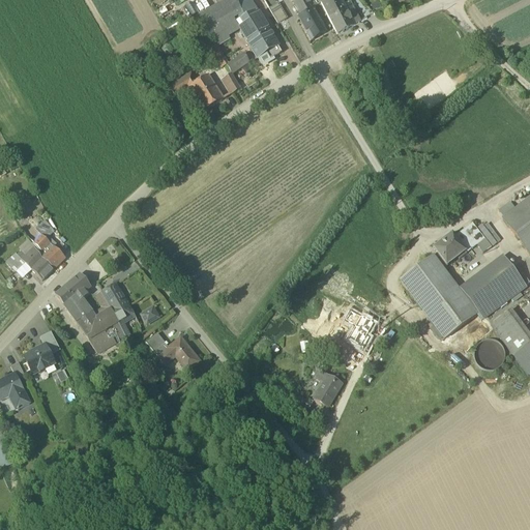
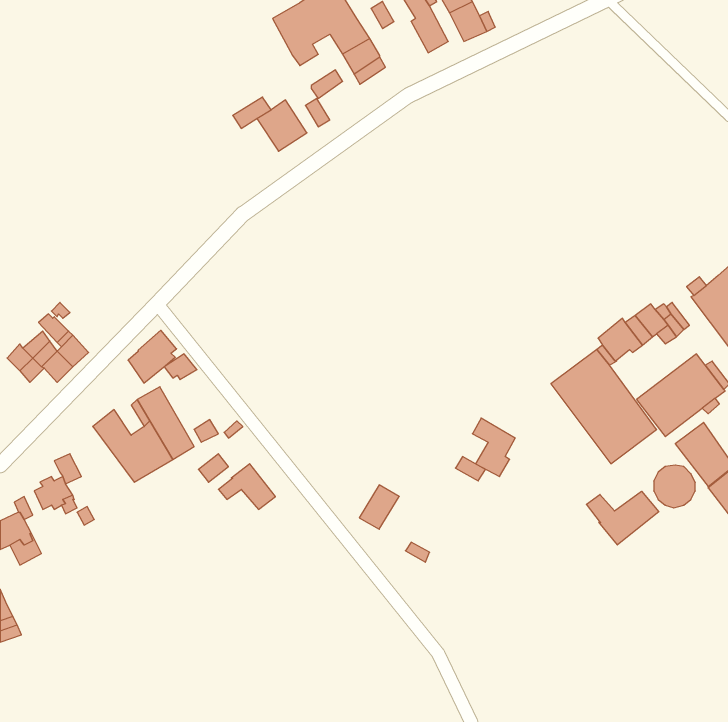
building: [57,271,92,310] -> [128,330,177,383]
building: none -> [586,491,659,545]
building: [314,373,343,405] -> [359,485,399,529]

